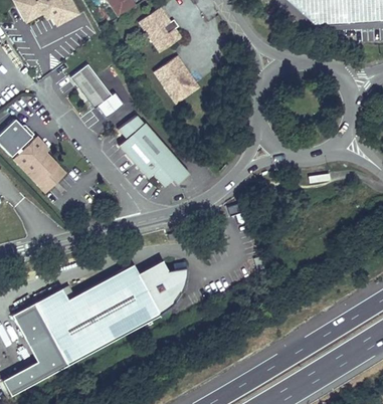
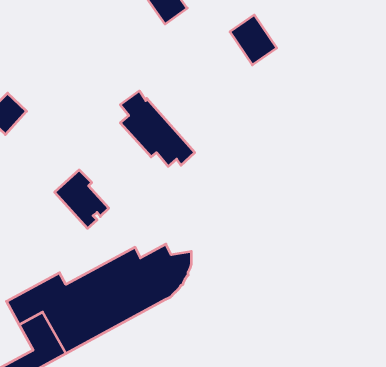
building: [155,55,199,103] -> [230,15,277,65]
building: [70,64,124,119] -> none
building: [14,137,65,192] -> [55,170,109,228]

